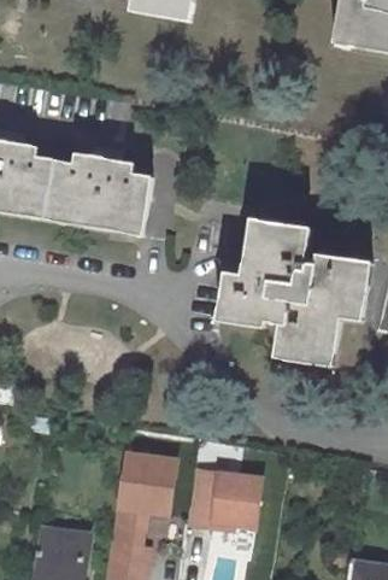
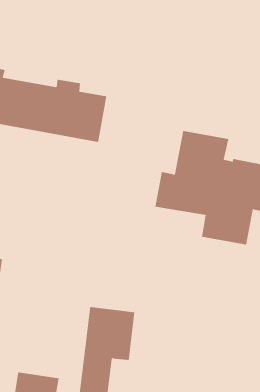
building: [186,468,260,526] -> none

